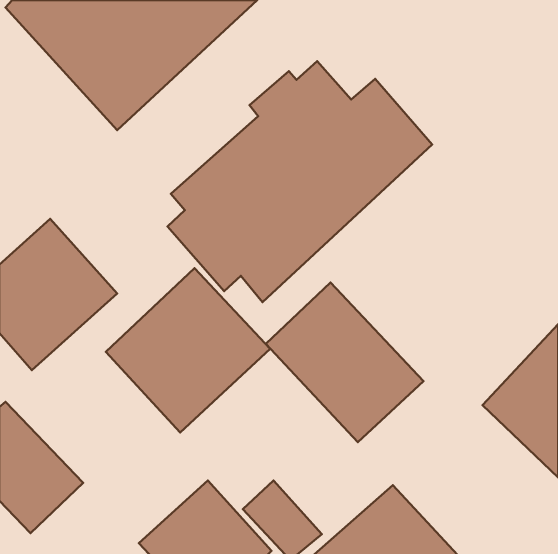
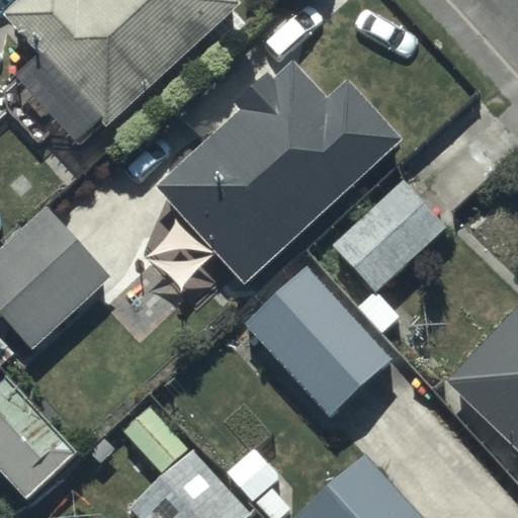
building: none -> [335,180,446,290]
building: [106,268,270,432] -> none

